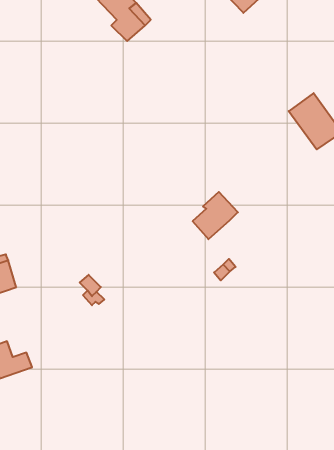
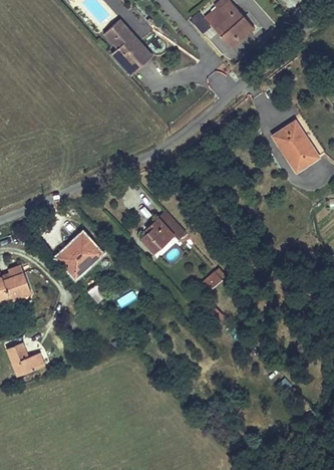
building: [193,192,238,239] -> [138,215,179,257]
building: none -> [57,230,98,272]

